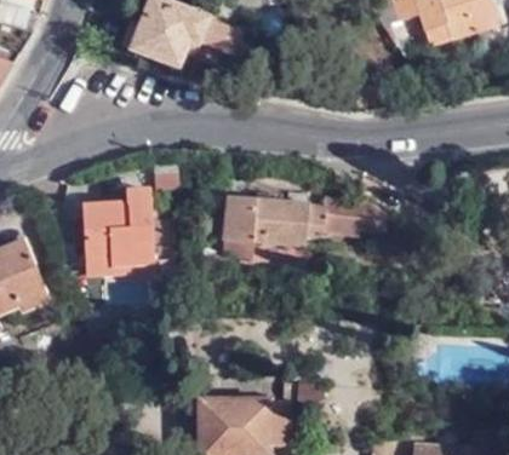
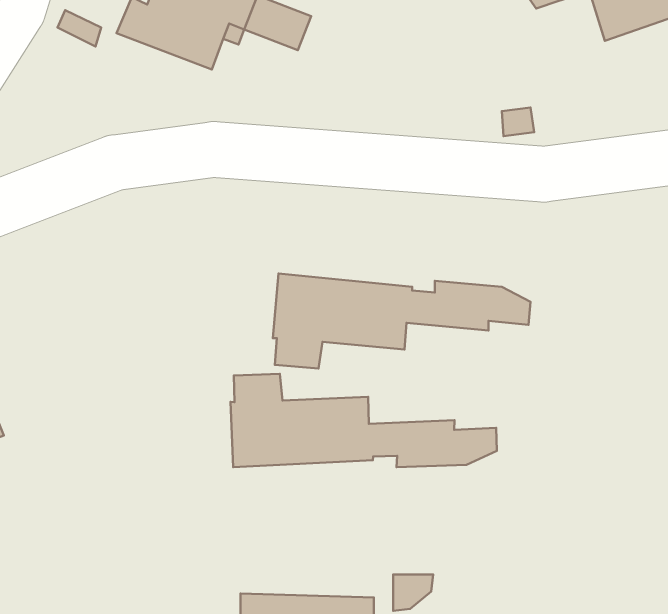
building: [85,185,159,265] -> none
building: none -> [231,374,497,467]

